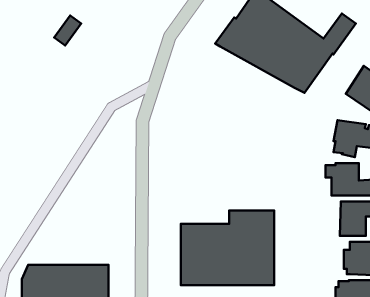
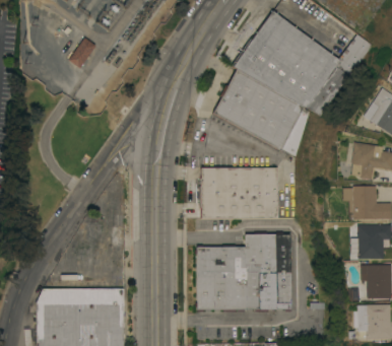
building: none -> [212,68,311,156]
building: none -> [200,167,277,218]

